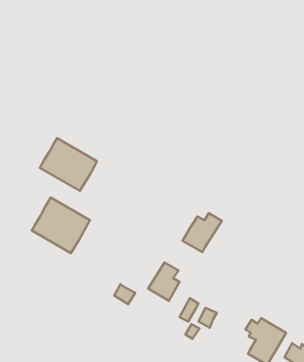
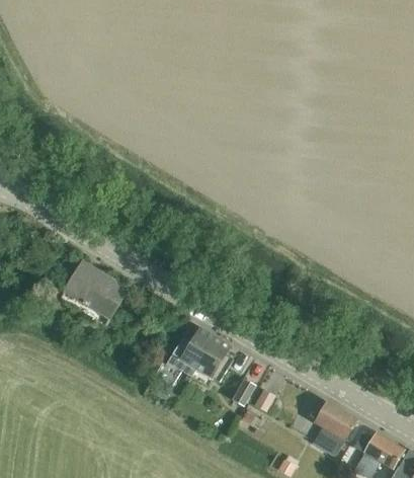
building: [40,138,97,191] -> none
building: [183,213,222,252] -> [169,326,215,372]

